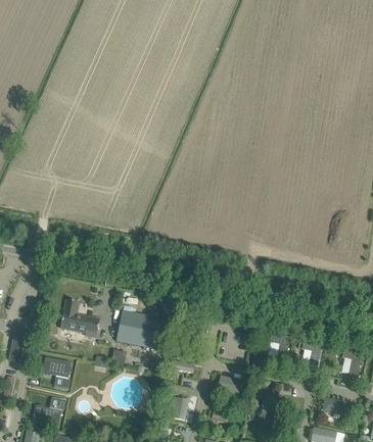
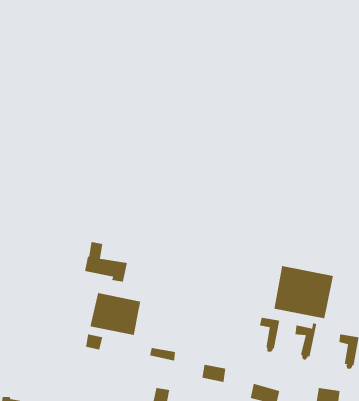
building: none -> [274,265,334,319]
building: [60,299,100,337] -> [84,241,128,283]
building: [43,357,71,377] -> none

